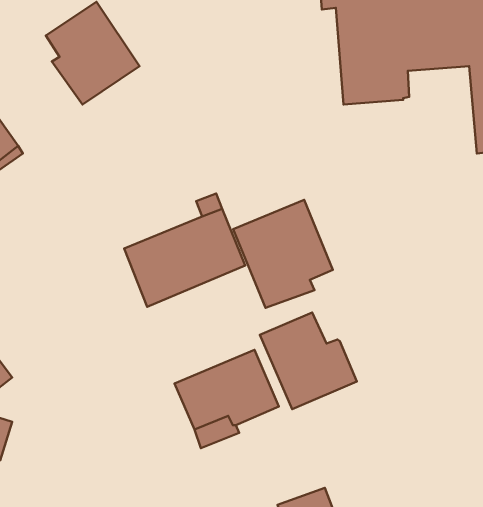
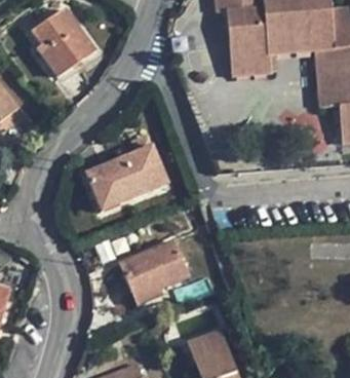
building: [233,200,333,308] -> none
building: [260,312,357,409] -> none

